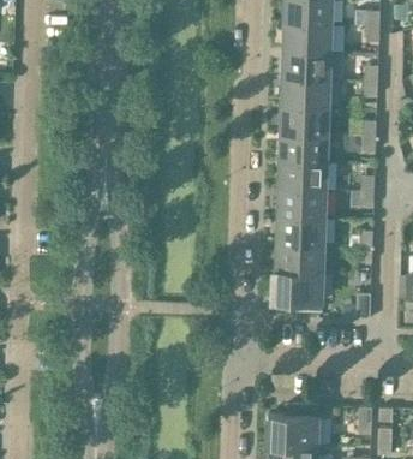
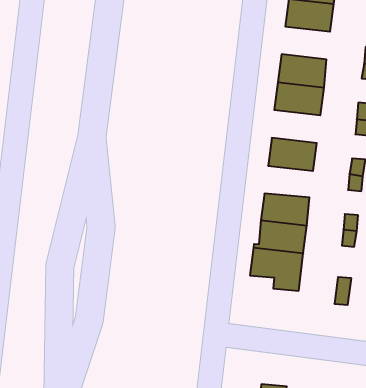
building: [283,53,329,82] -> none
building: [281,136,327,165] -> none
building: [279,191,324,219] -> none

